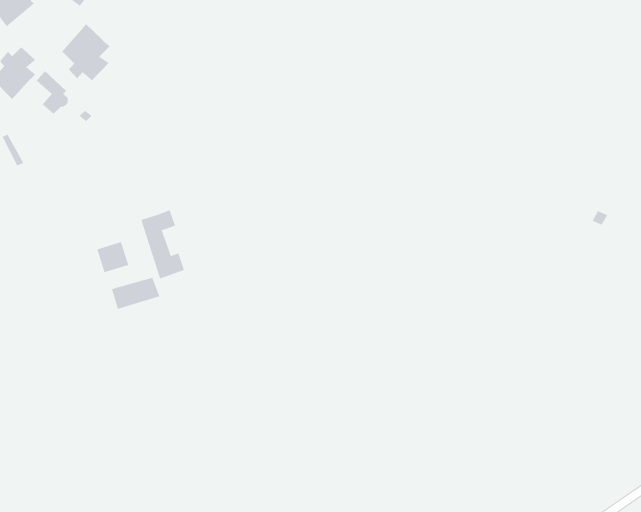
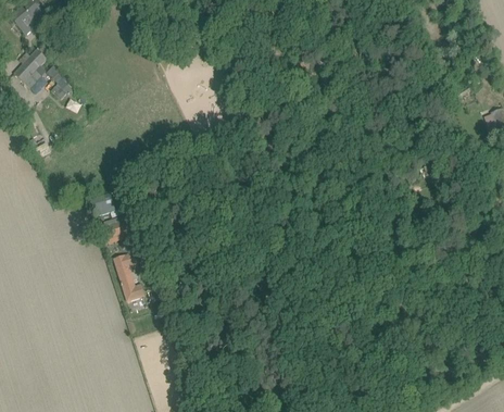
building: [61,23,111,81] -> none
building: [140,210,185,279] -> [113,251,146,302]

